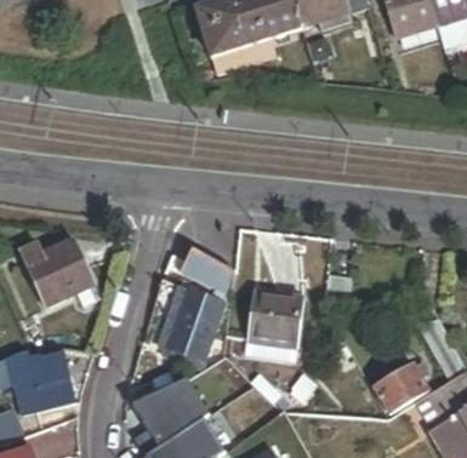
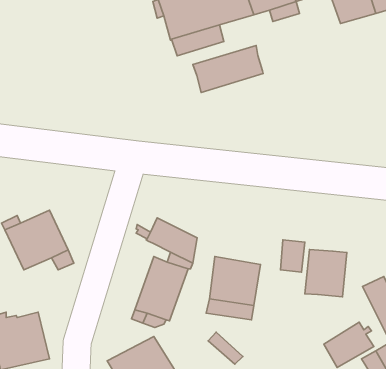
building: none -> [193,45,263,92]
building: none -> [305,250,347,297]

